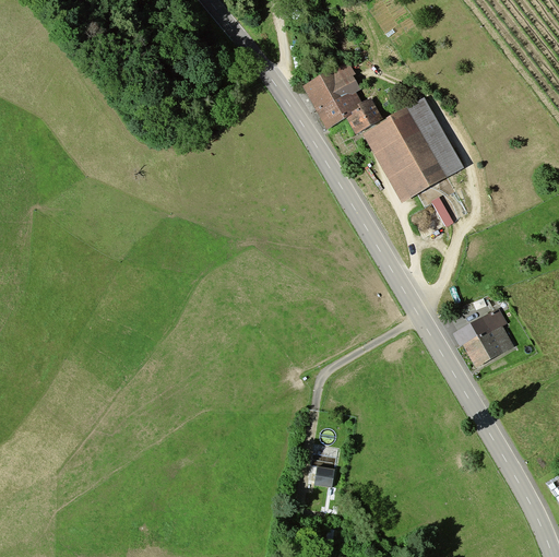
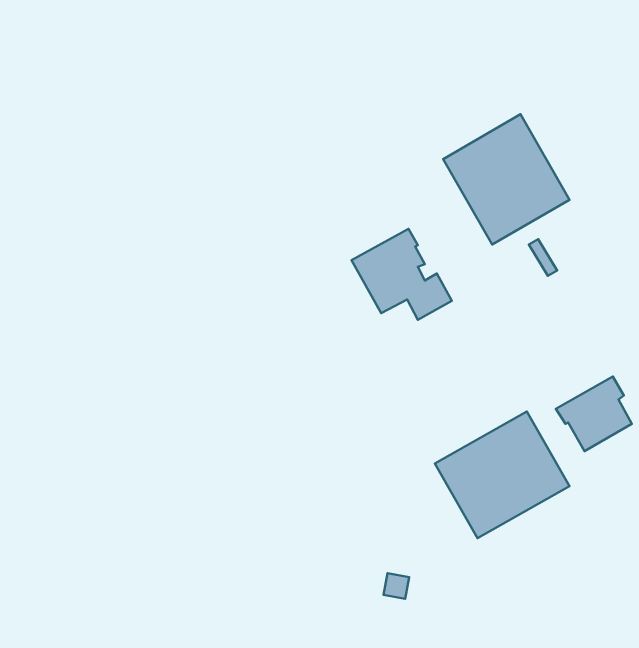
building: [301,61,382,134] -> [351,229,452,320]
building: none -> [435,411,569,538]

